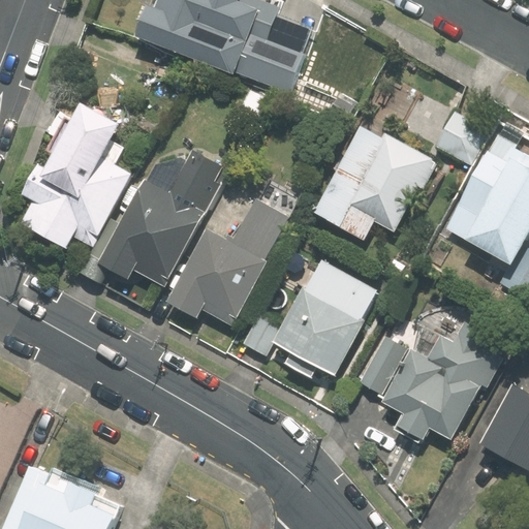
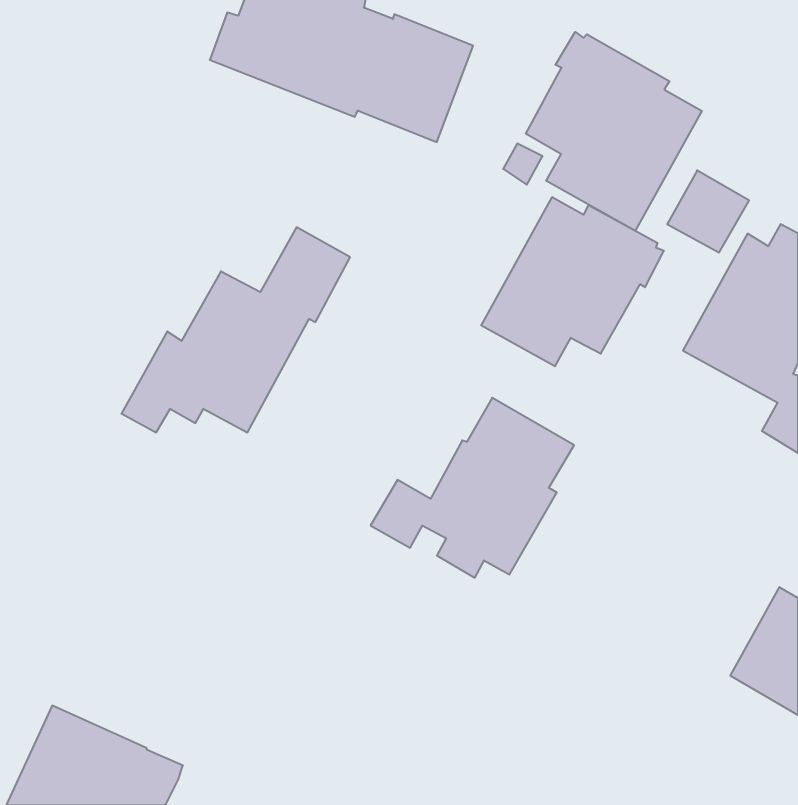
building: none -> [526,32,702,231]
building: [22,101,131,246] -> none
building: [165,197,285,323] -> none
building: [360,325,503,441] -> none

